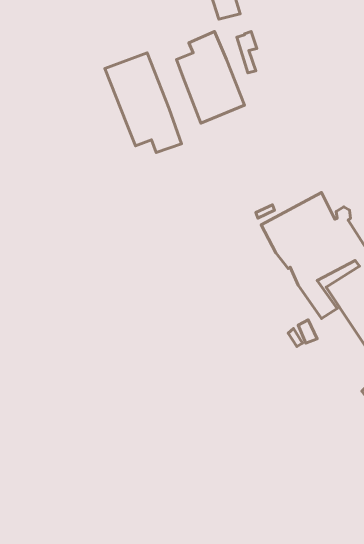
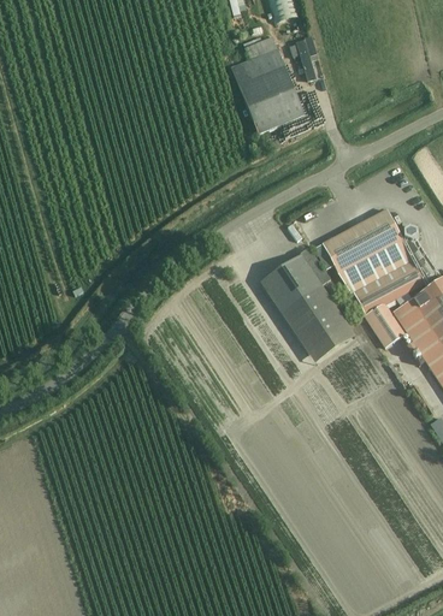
building: [105,53,181,152] -> none
building: none -> [260,249,354,362]

